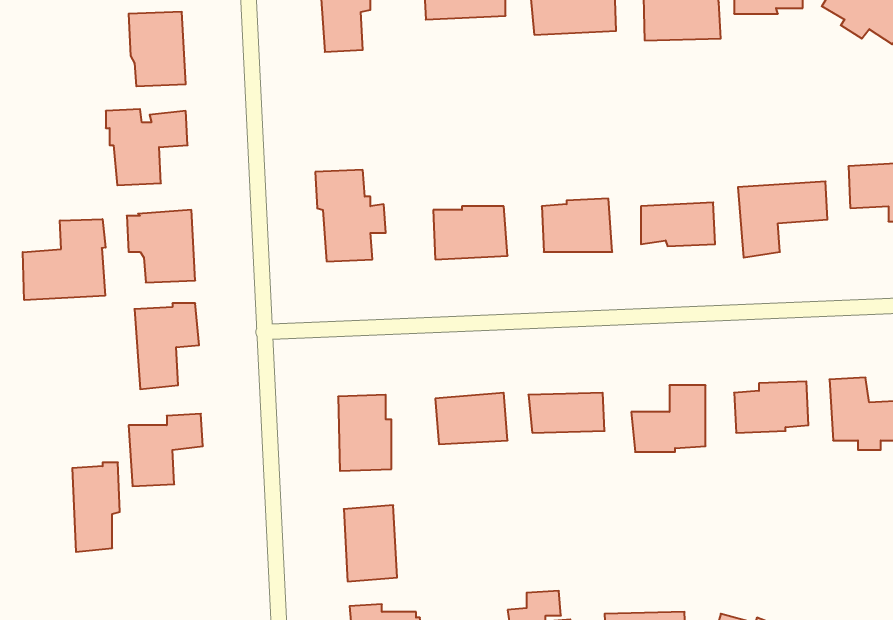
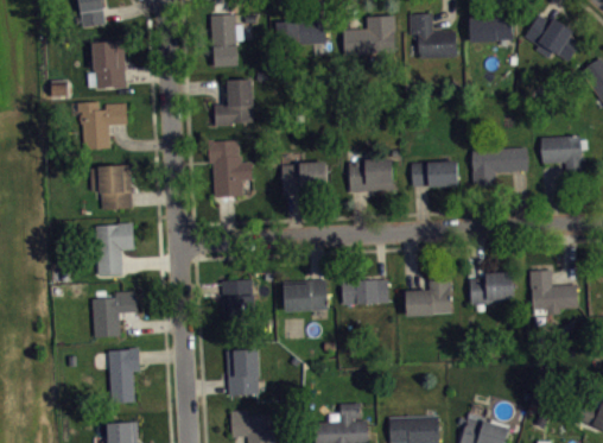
building: none -> [214,80,253,127]
building: [23,219,106,300] -> none
building: [72,462,120,552] -> [109,348,139,404]

